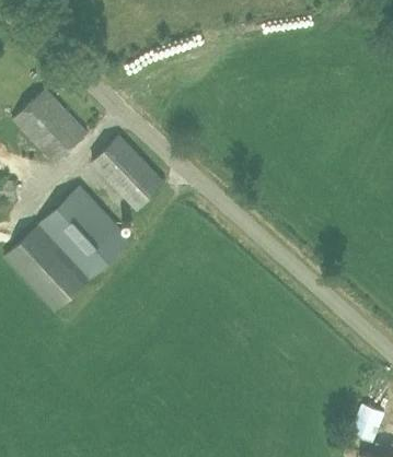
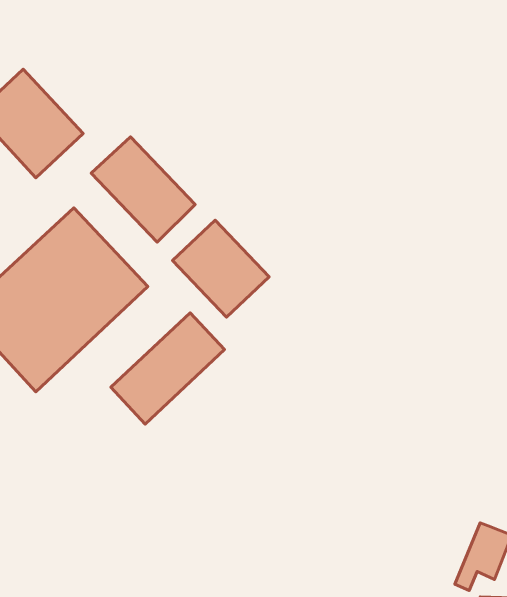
building: none -> [172,220,269,317]
building: none -> [111,313,224,424]

